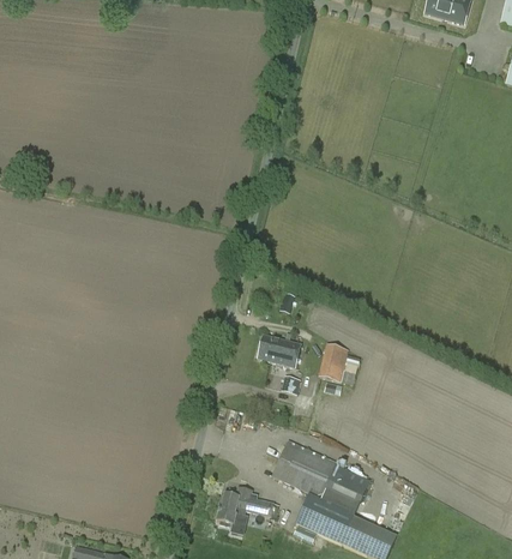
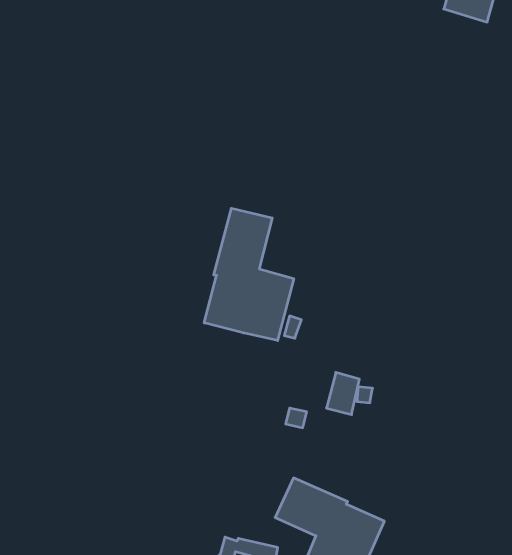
building: none -> [204,208,294,341]
building: [258,333,300,368] -> none

